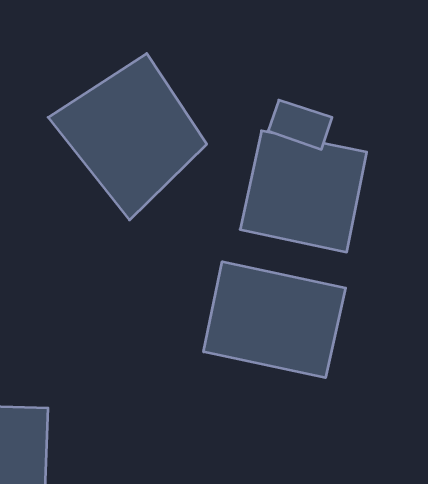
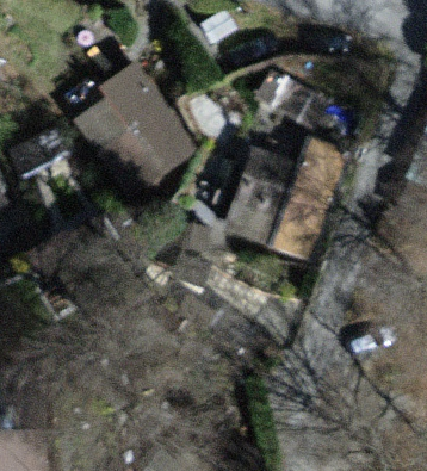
building: [204,262,346,378] -> none

